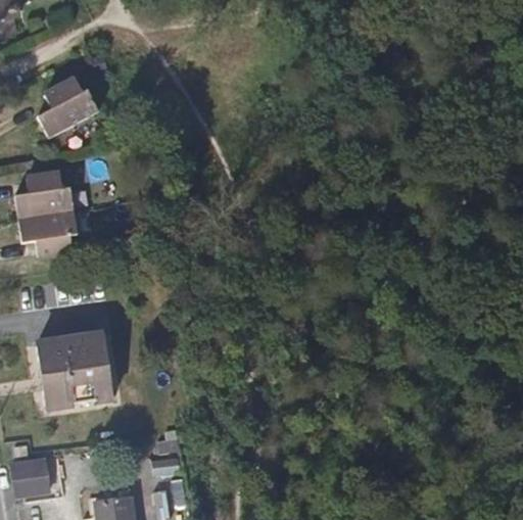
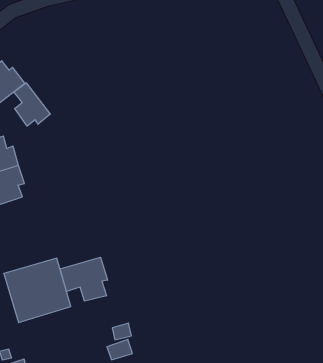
building: none -> [14,83,50,126]
building: none -> [60,257,108,301]

